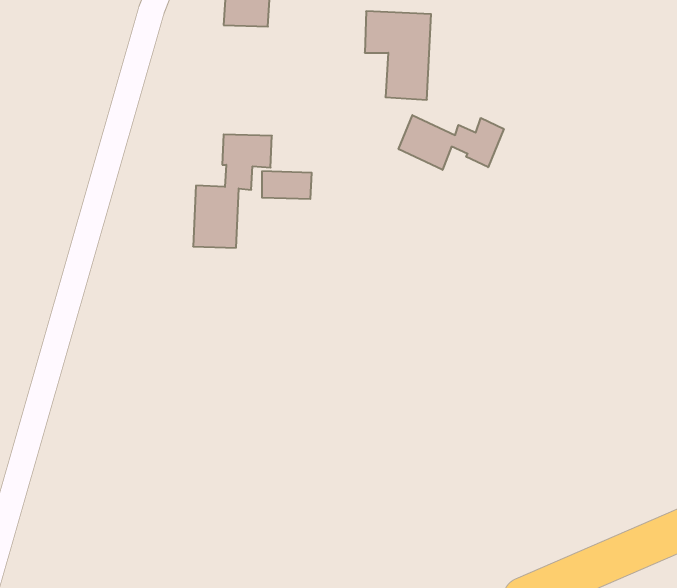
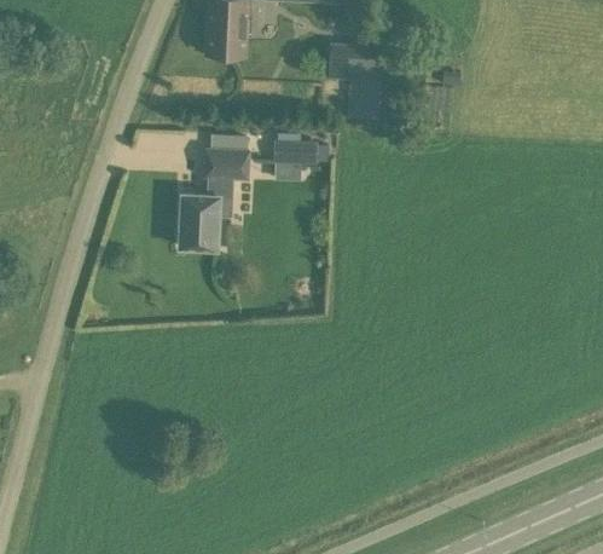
building: [399,115,504,170] -> none
building: [262,171,312,199] -> [273,140,317,165]

